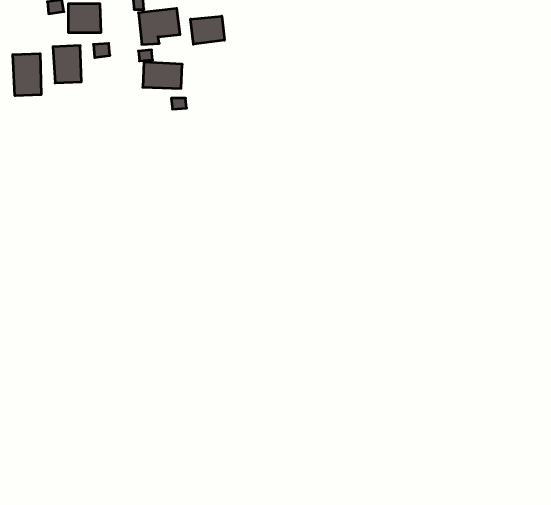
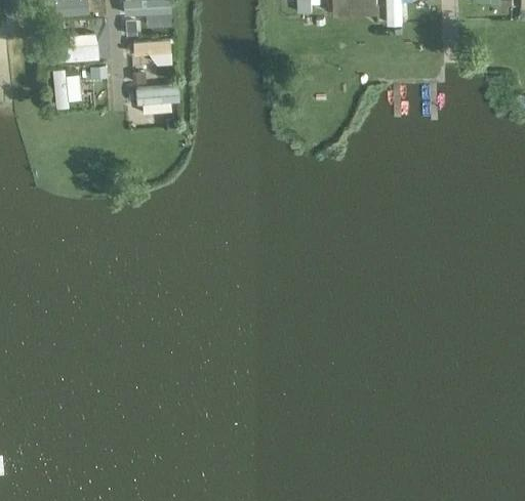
building: [191,16,224,44] -> none
building: [13,54,41,96] -> none

